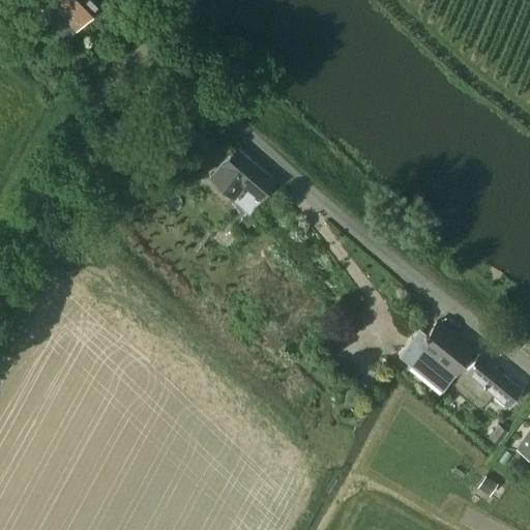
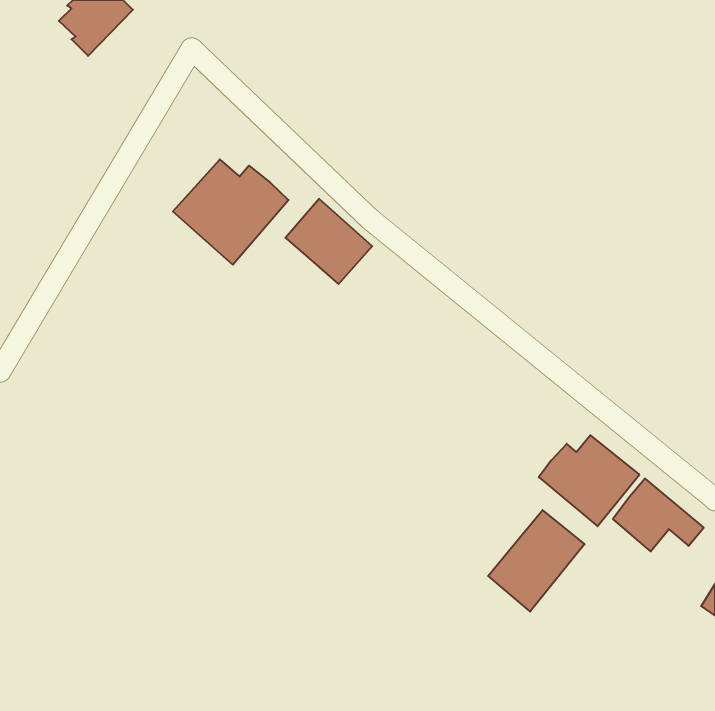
building: none -> [173,159,289,265]
building: none -> [488,510,585,612]

